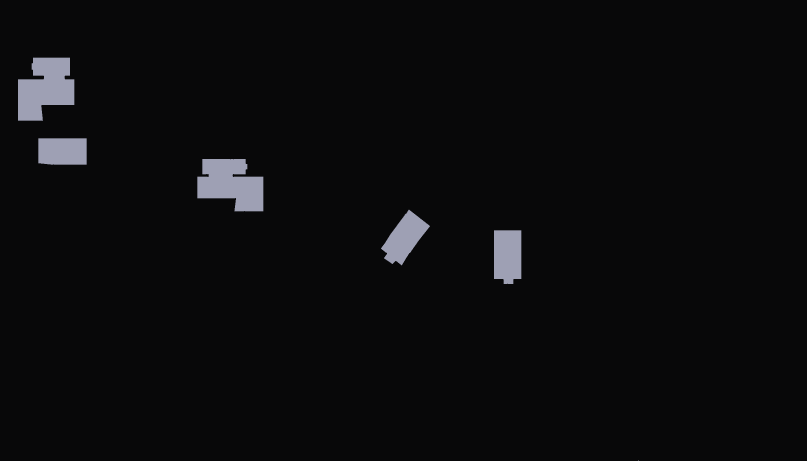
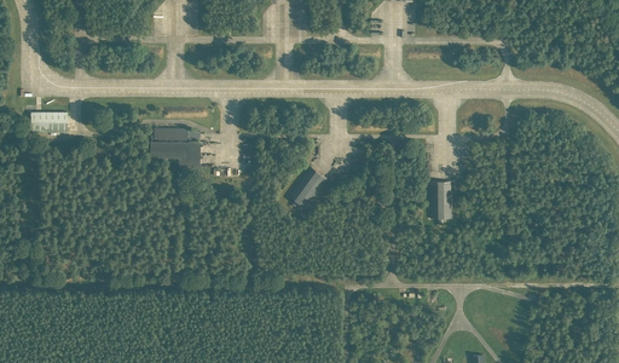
building: [17,57,75,122] -> none
building: [493,230,522,284] -> [430,181,452,223]

